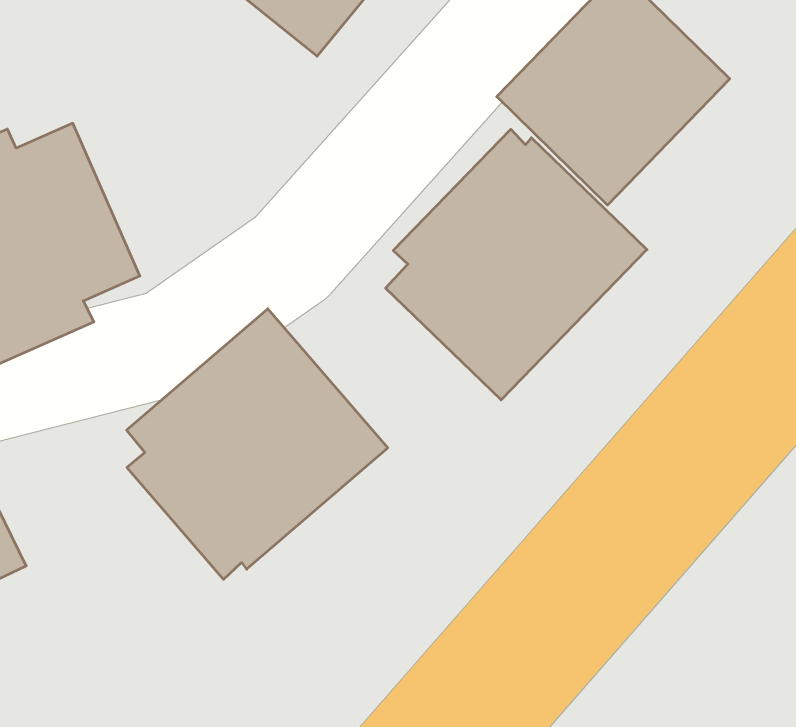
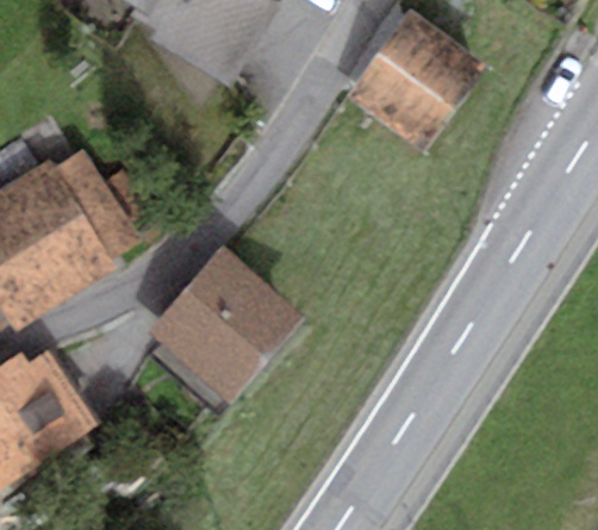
building: [386,129,647,400] -> none

